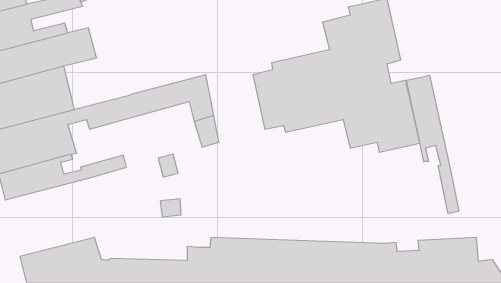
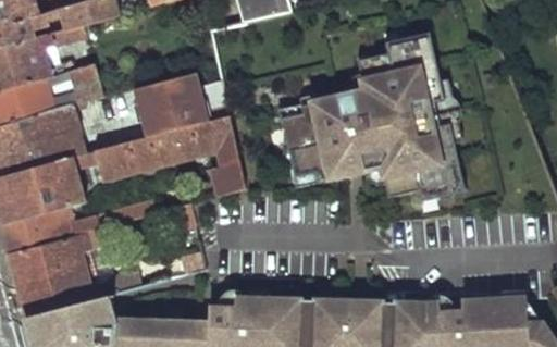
building: none -> [133,74,228,139]
building: [406,75,459,214] -> none
building: none -> [9,230,110,315]

